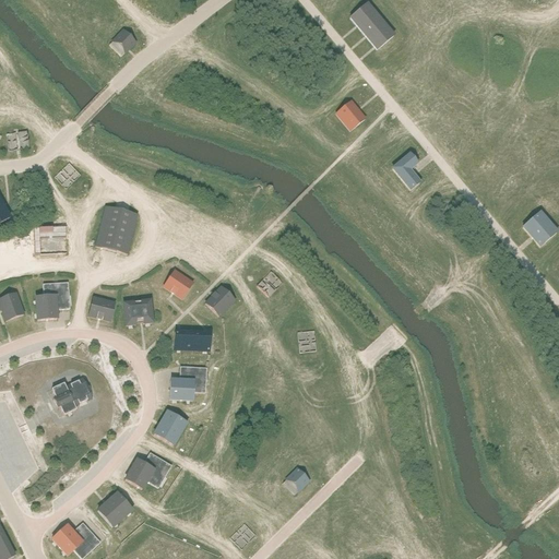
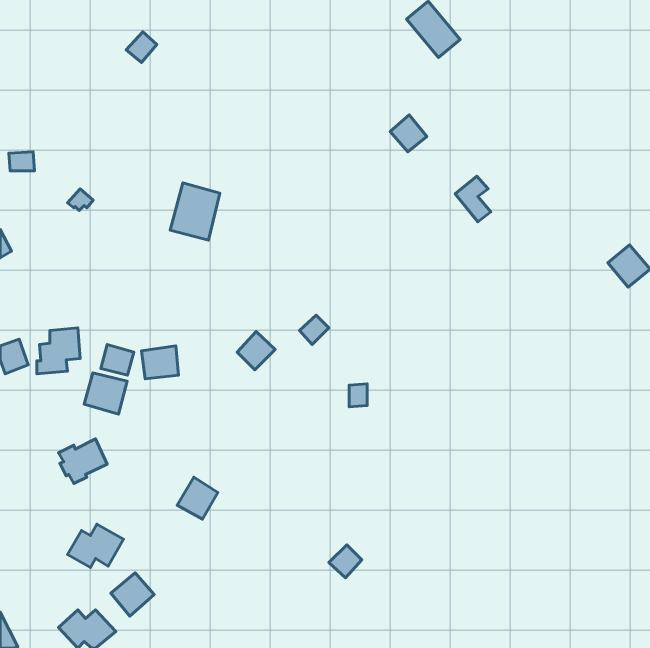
building: [95,204,138,253] -> [170,183,220,240]
building: [34,225,68,252] -> none
building: [163,267,194,298] -> none
building: none -> [84,373,127,414]
building: [174,328,211,350] -> none
building: [169,365,207,400] -> none
building: [124,451,173,488] -> [68,524,124,567]

